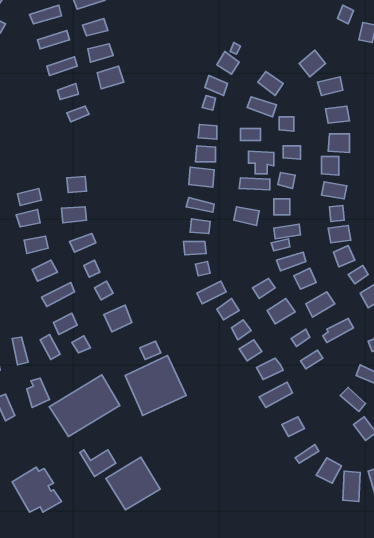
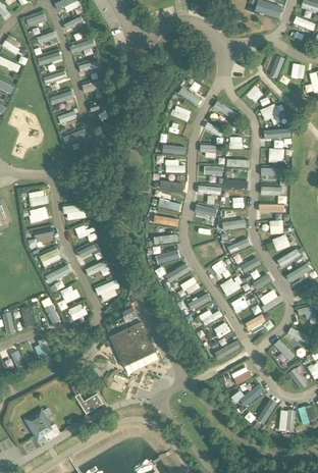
building: [49,375,120,437] -> none
building: [106,457,160,510] -> none

